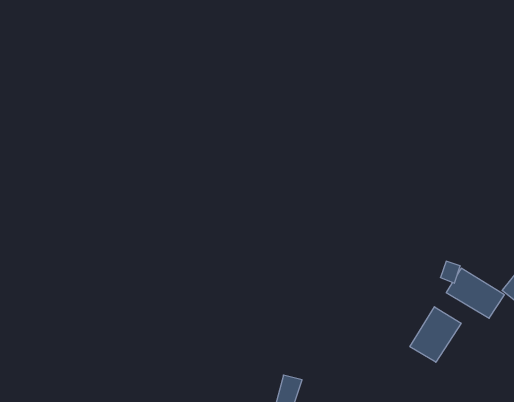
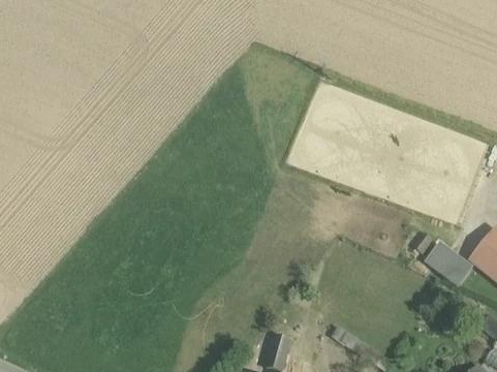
building: [410,307,461,362] -> none

